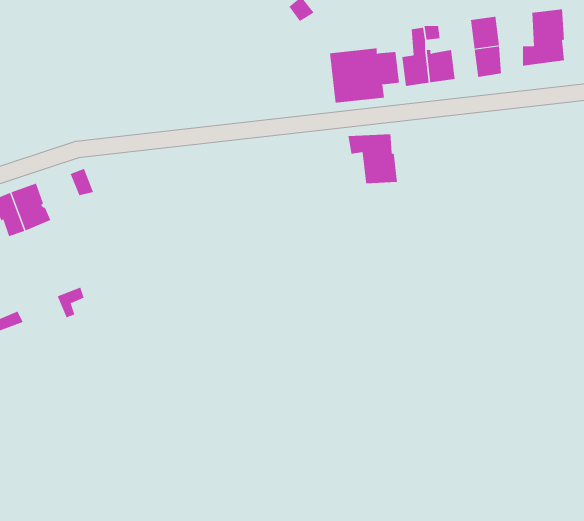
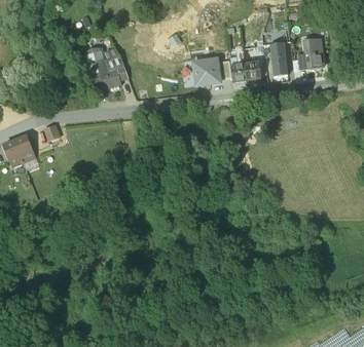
building: none -> [86,47,131,90]
building: [348,134,397,184] -> none

